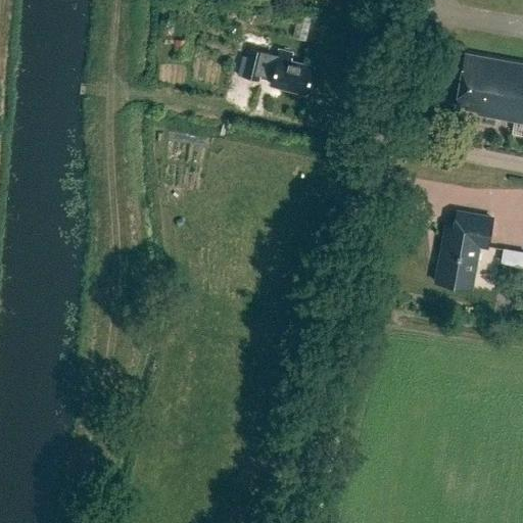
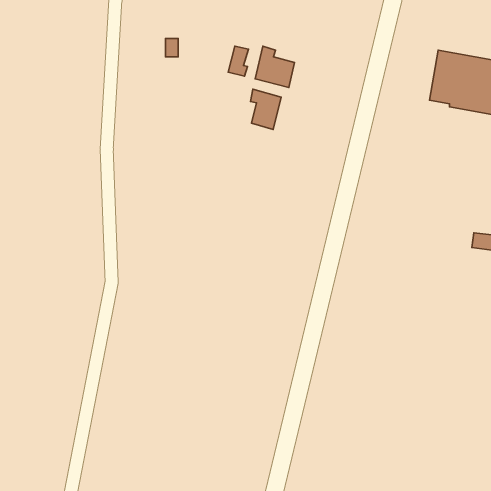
building: none -> [250,89,281,129]
building: [437,212,494,289] -> none

